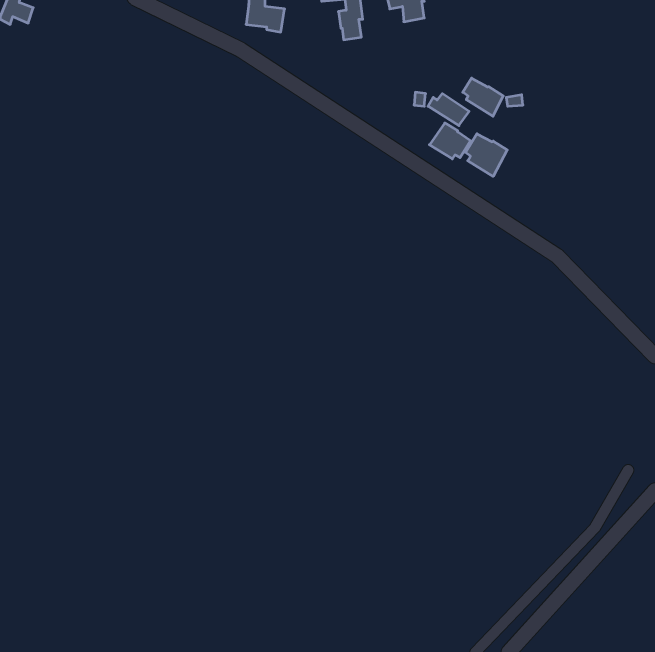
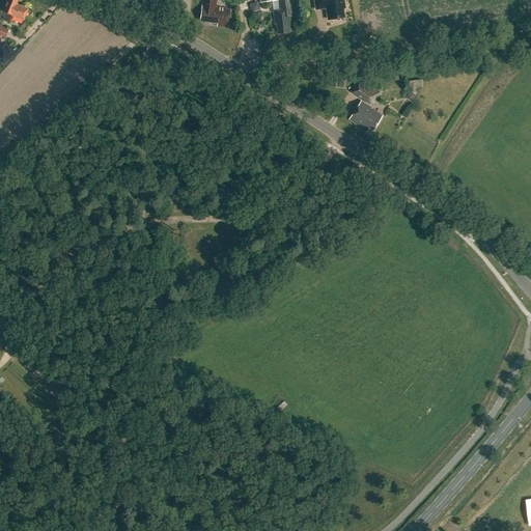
building: [463,78,503,116] -> none
building: [465,134,507,176] -> none

